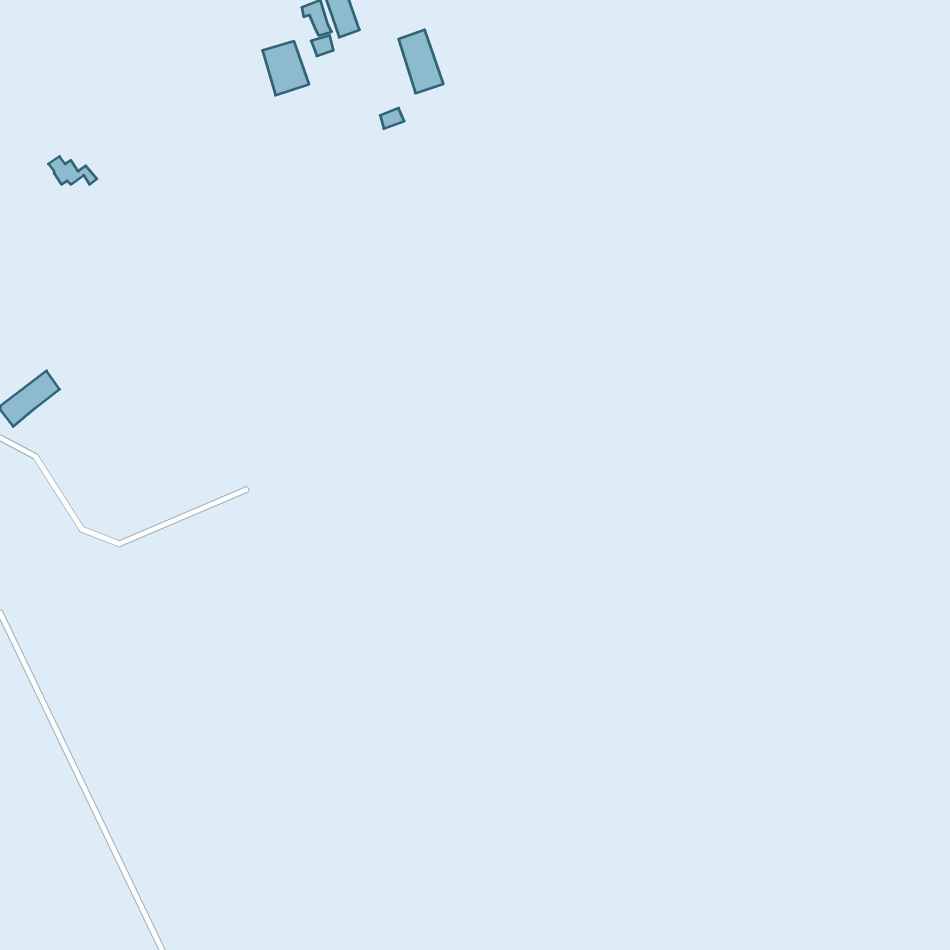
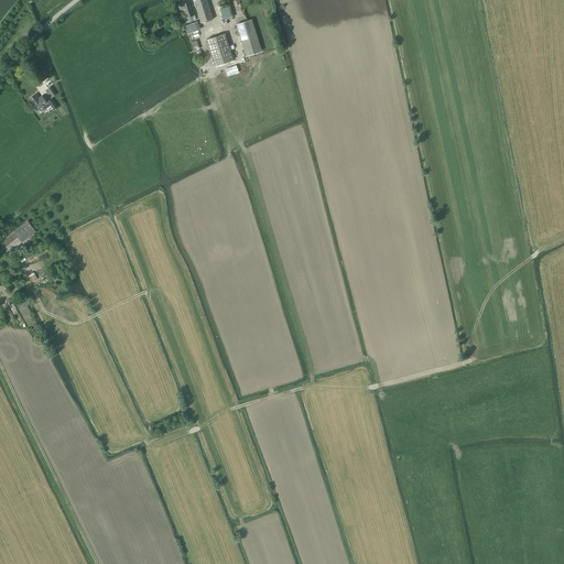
building: [262,41,309,95] -> [207,33,235,65]

